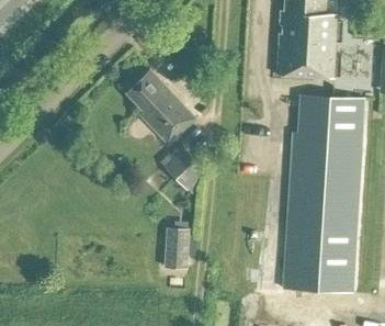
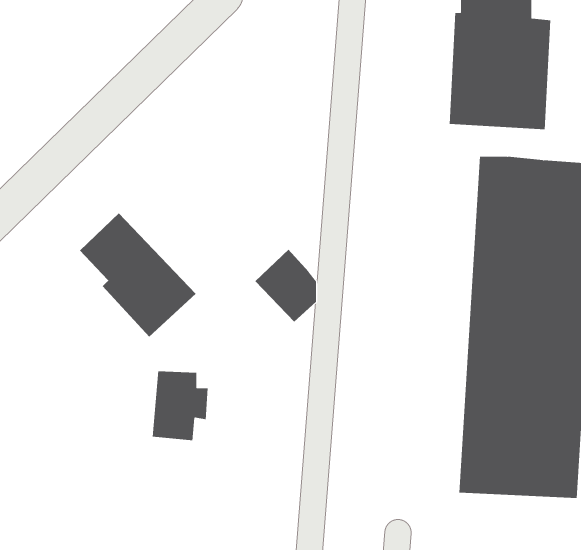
building: [128,70,196,143] -> [79,213,196,337]
building: [165,227,197,268] -> [152,371,208,441]

